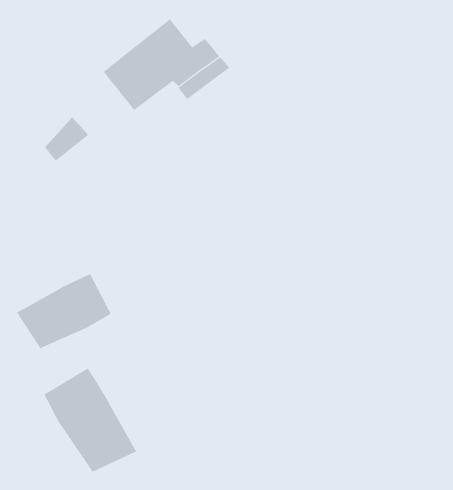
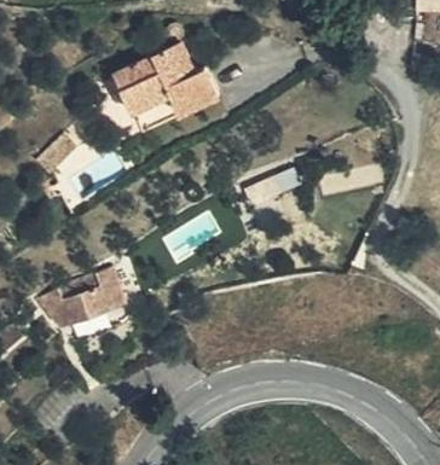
building: [44,368,137,472] -> none

